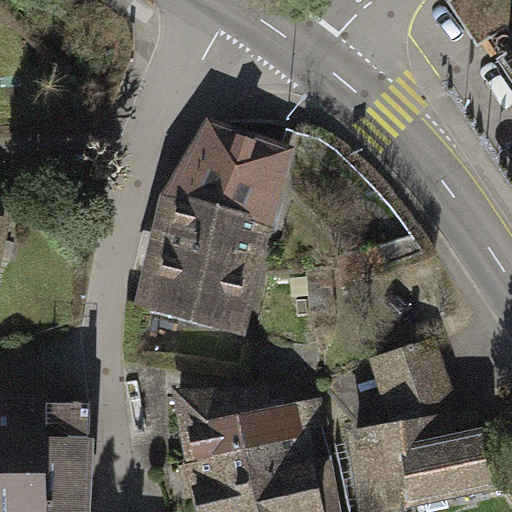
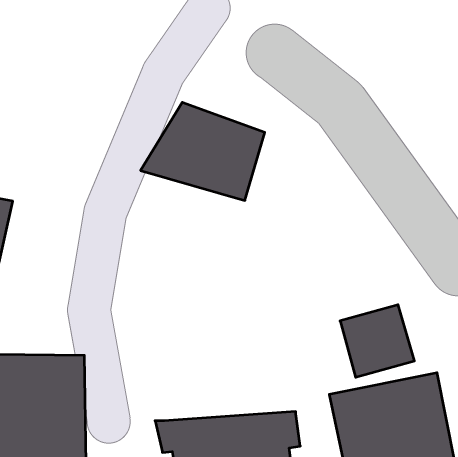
building: [131,195,270,341] -> none
building: [168,388,326,471] -> none

